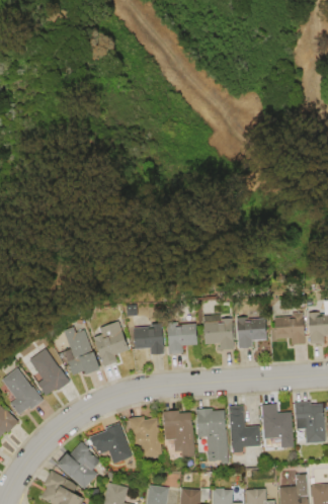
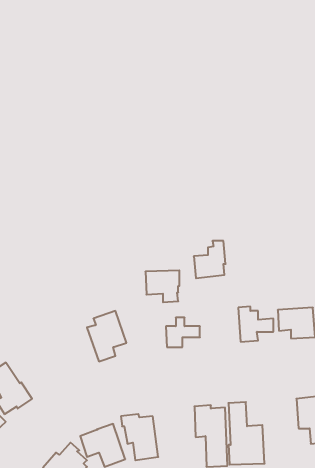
building: [209,318,238,352] -> [194,241,226,278]
building: [138,327,169,356] -> [145,270,179,302]
building: [68,330,106,376] -> none
building: [31,348,74,398] -> none
building: [261,404,294,448] -> none
building: [164,411,195,458] -> none

